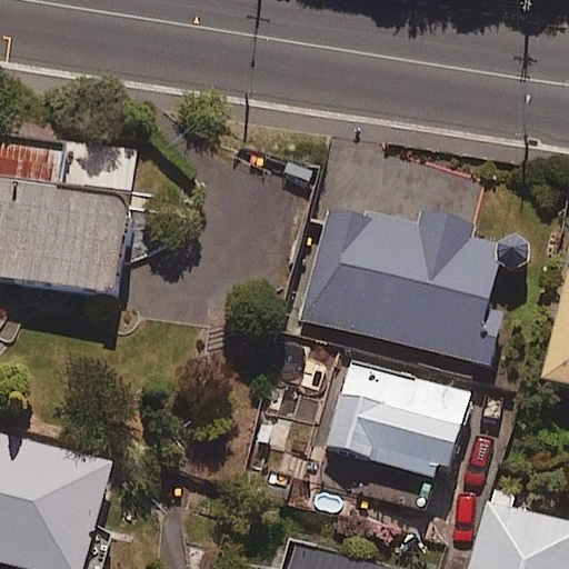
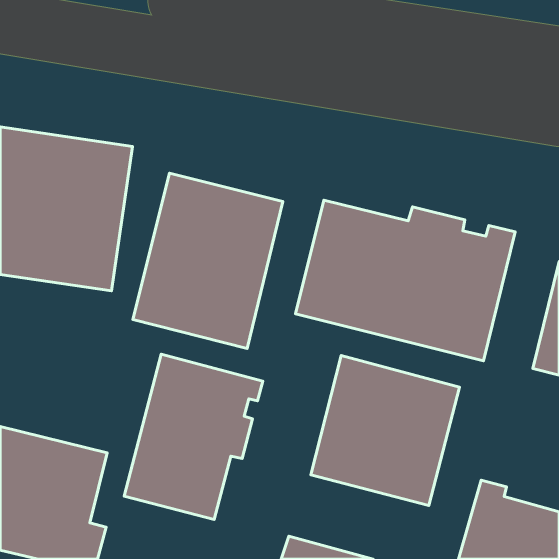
building: none -> [133,173,283,348]
building: none -> [124,354,263,520]

